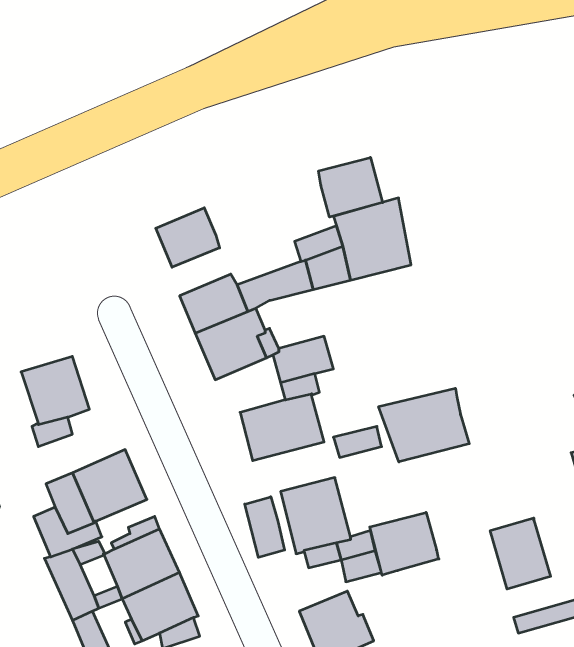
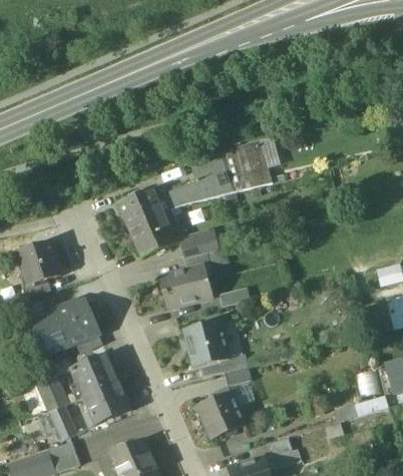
building: [319,157,383,217] -> none
building: [156,208,220,267] -> none
building: [379,388,469,462] -> none
building: [245,497,285,557] -> none
building: [370,512,439,575] -> none
building: [490,518,551,589] -> none

